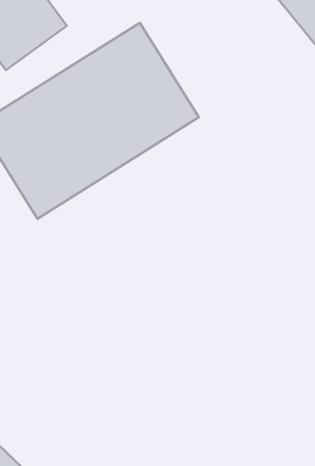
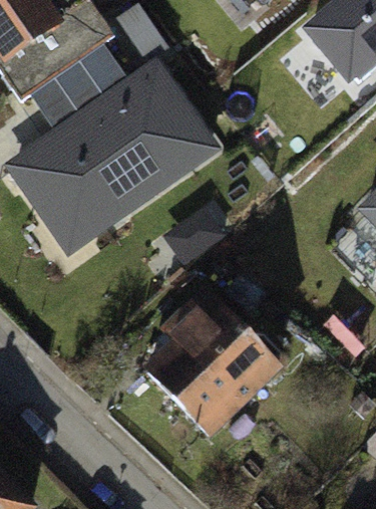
building: none -> [151,293,284,438]

